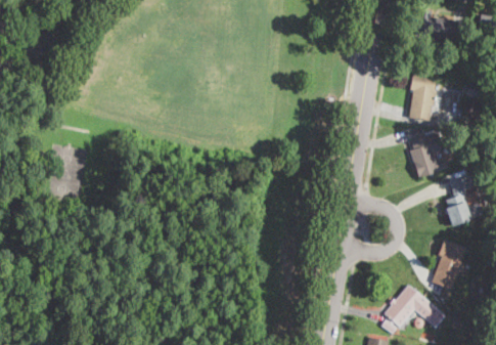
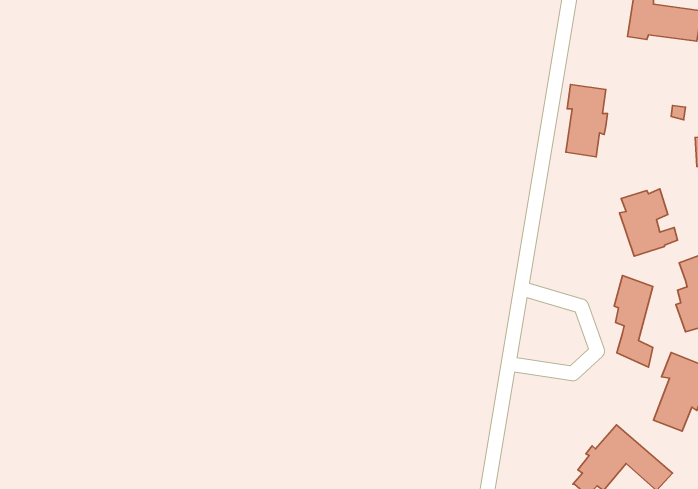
building: [410,75,437,121] -> [566,85,607,157]
building: none -> [614,276,653,367]

